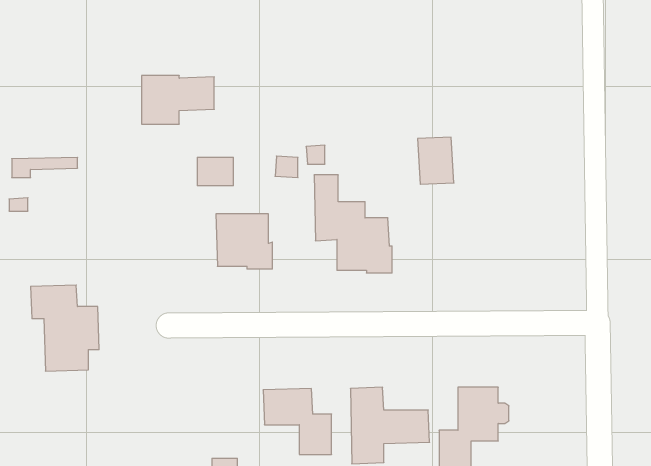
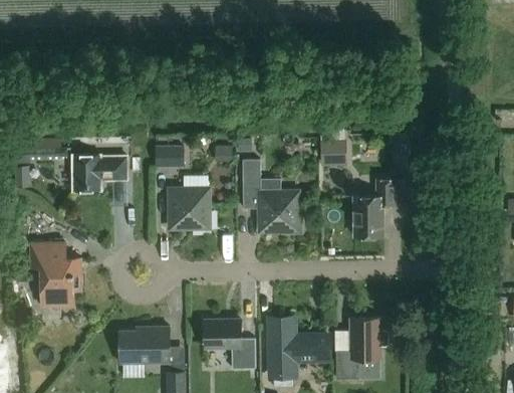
building: [142,76,214,124] -> [72,155,126,191]
building: none -> [352,180,395,236]
building: none -> [118,327,170,364]

